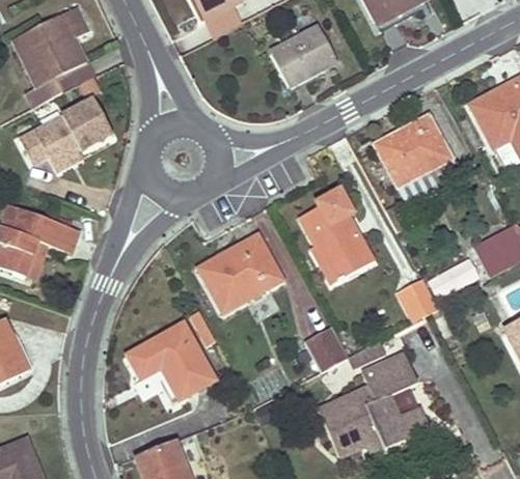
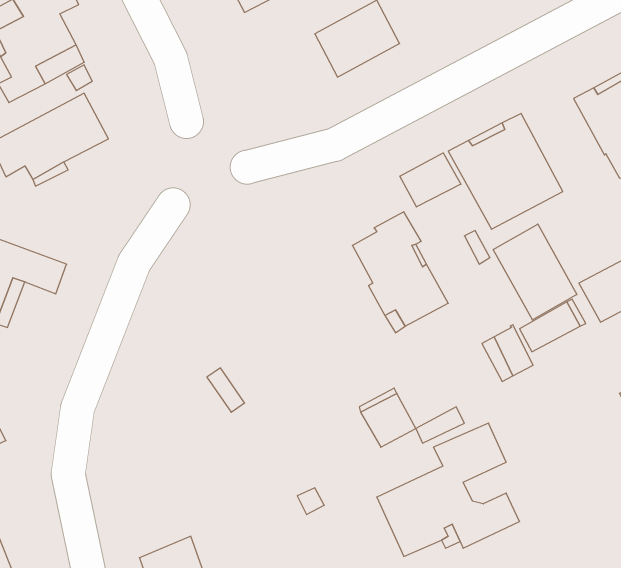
building: none -> [400,153,461,207]
building: none -> [493,224,577,320]
building: [198,234,280,311] -> none
building: [128,325,214,398] -> none

